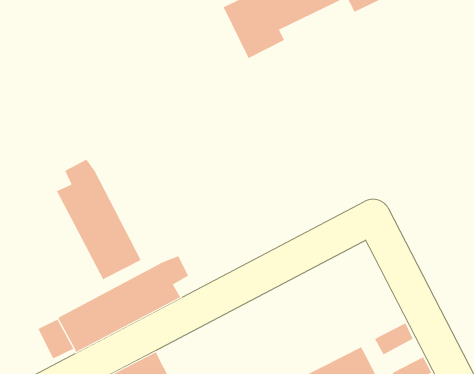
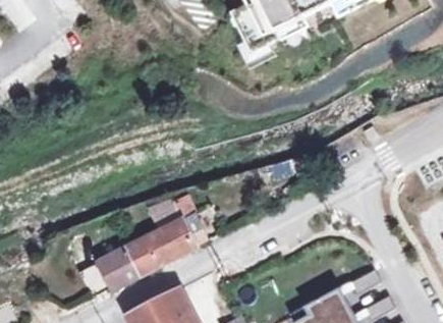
building: [56,159,141,281] -> none

